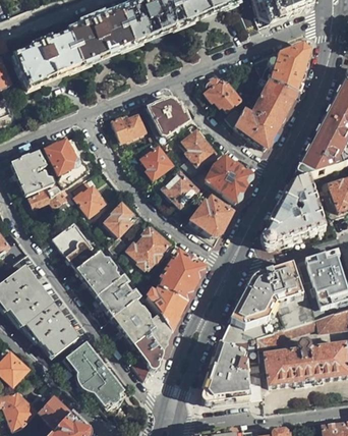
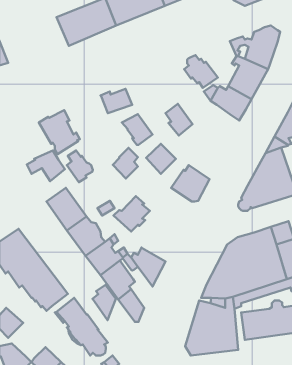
building: [13,34,77,86] -> none
building: [144,96,187,140] -> none
building: [11,150,51,194] -> none
building: [204,156,250,201] -> none
building: [103,202,130,235] -> [113,148,138,179]
building: [158,251,202,301] -> none
building: [143,313,169,351] -> [92,285,116,320]

